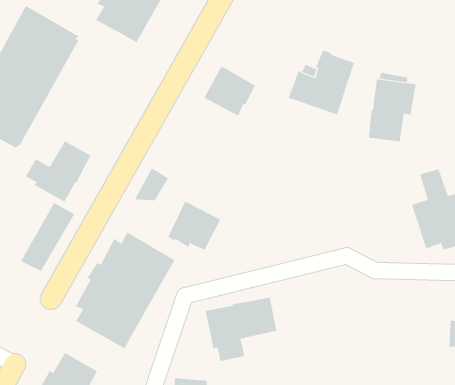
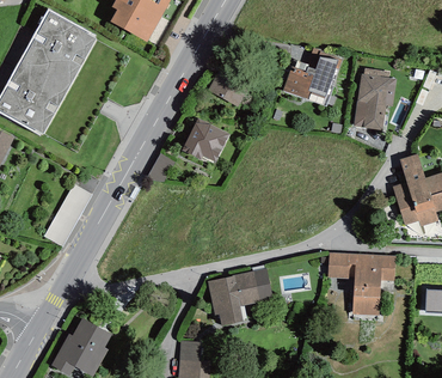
building: [25,140,91,203] -> none
building: [167,201,221,250] -> [182,117,229,161]
building: [75,232,175,349] -> none
building: none -> [327,251,395,315]

